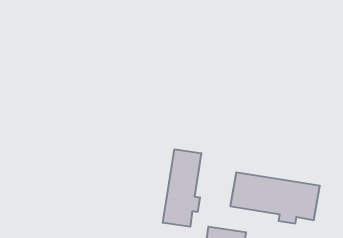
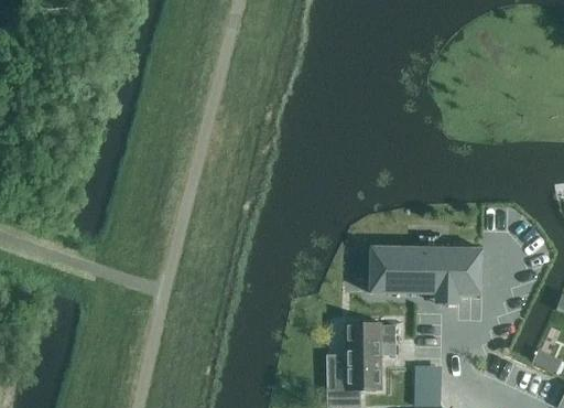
building: [163,149,201,227] -> none

